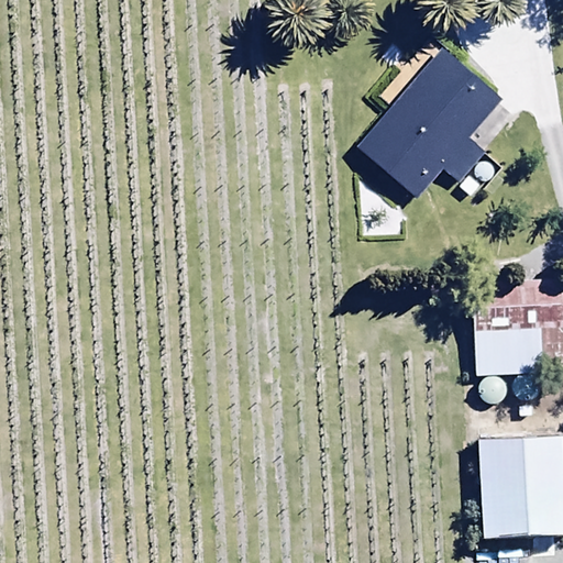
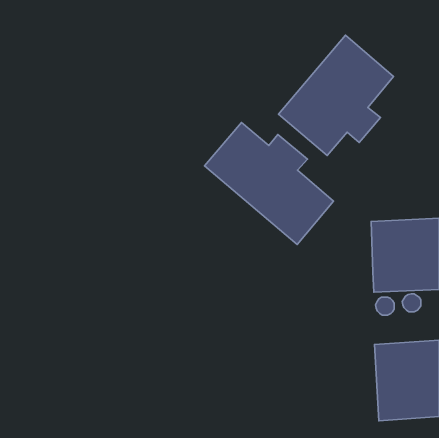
building: none -> [204,122,333,245]

